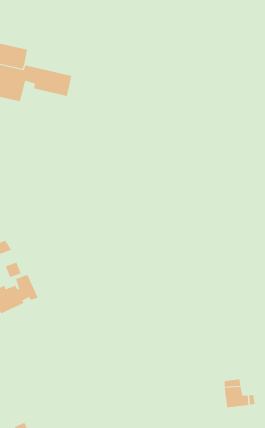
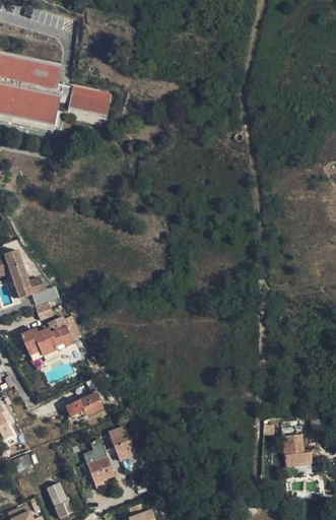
building: none -> [66,393,103,417]
building: none -> [107,425,131,462]
building: none -> [87,456,117,483]

